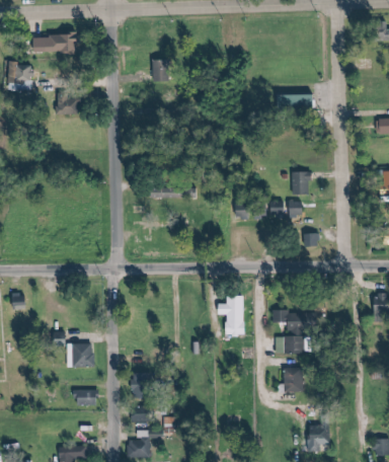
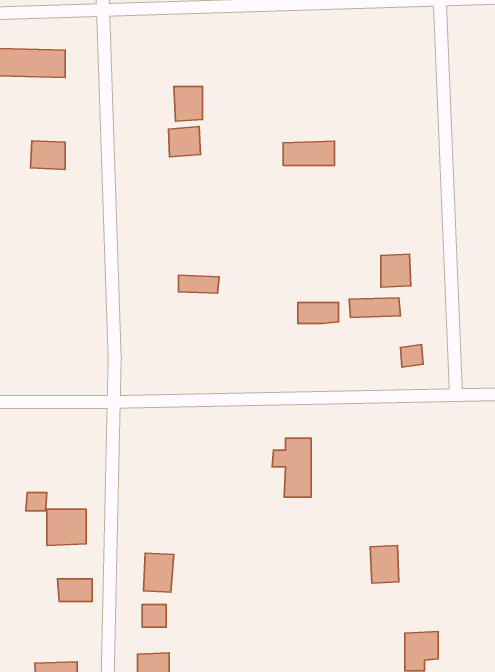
building: none -> [168,127,200,157]
building: [280,94,314,110] -> [283,141,335,165]
building: [271,312,317,354] -> none

